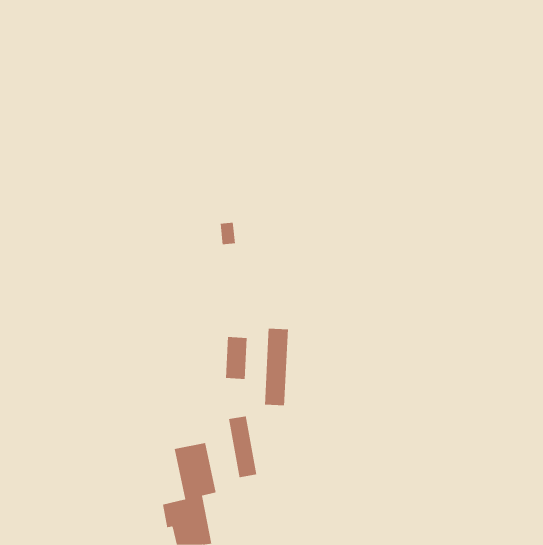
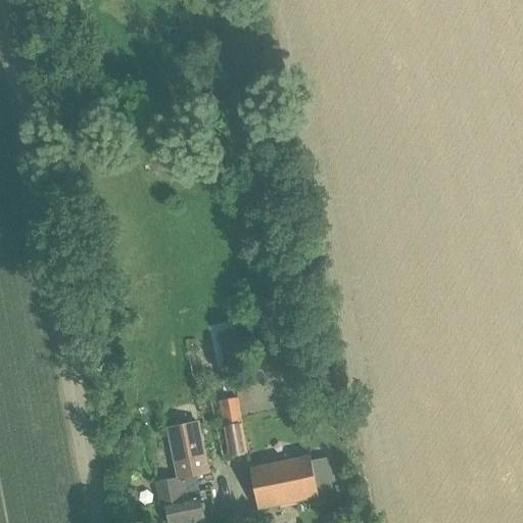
building: [264,328,288,406] -> none
building: none -> [249,456,333,509]

